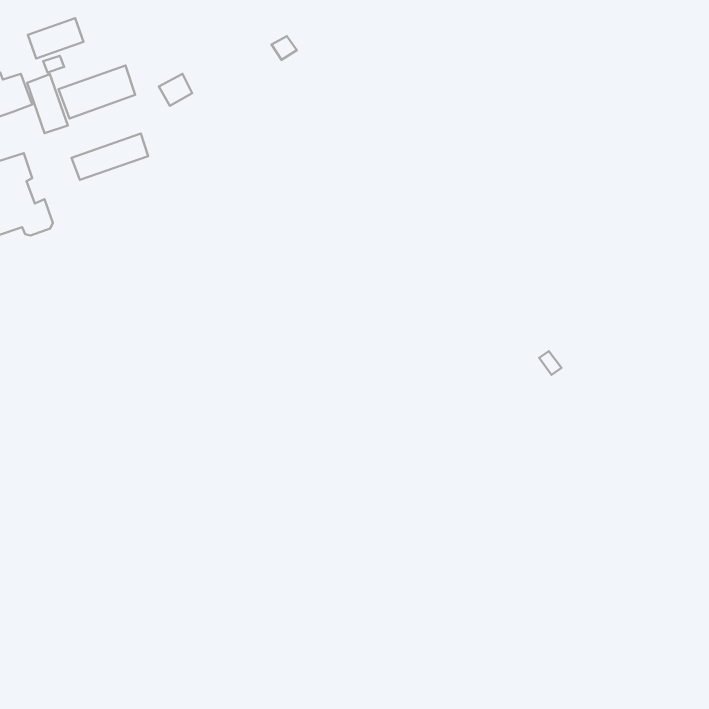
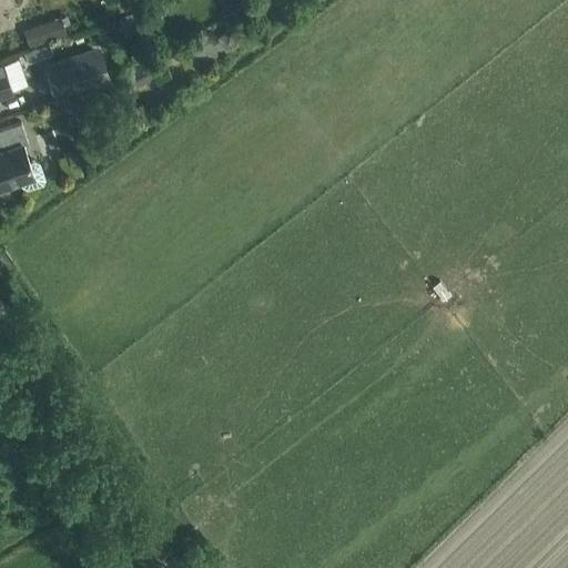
building: [27,74,68,133] -> none
building: [72,133,148,180] -> none

